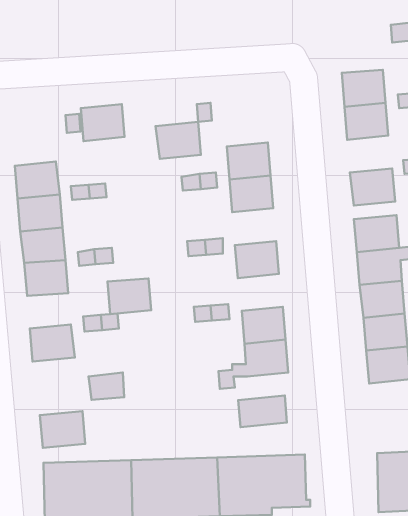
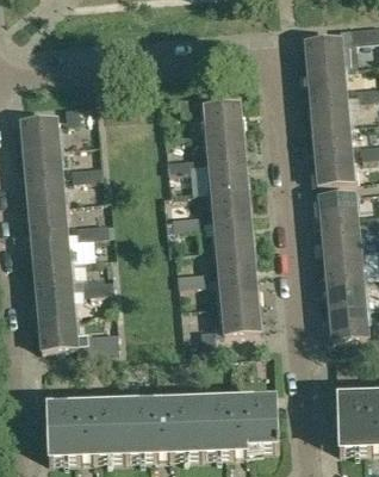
building: none -> [303,36,342,67]
building: [81,104,125,141] -> [19,116,57,148]
building: [156,122,201,159] -> [203,99,242,131]
building: none -> [311,122,350,154]
building: none -> [211,185,249,217]
building: none -> [216,242,255,274]
building: [107,279,151,314] -> [32,259,70,290]
building: [238,396,287,427] -> none
building: [40,411,85,448] -> [37,315,76,347]

